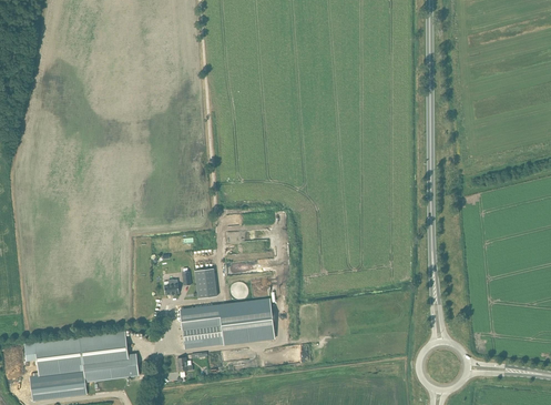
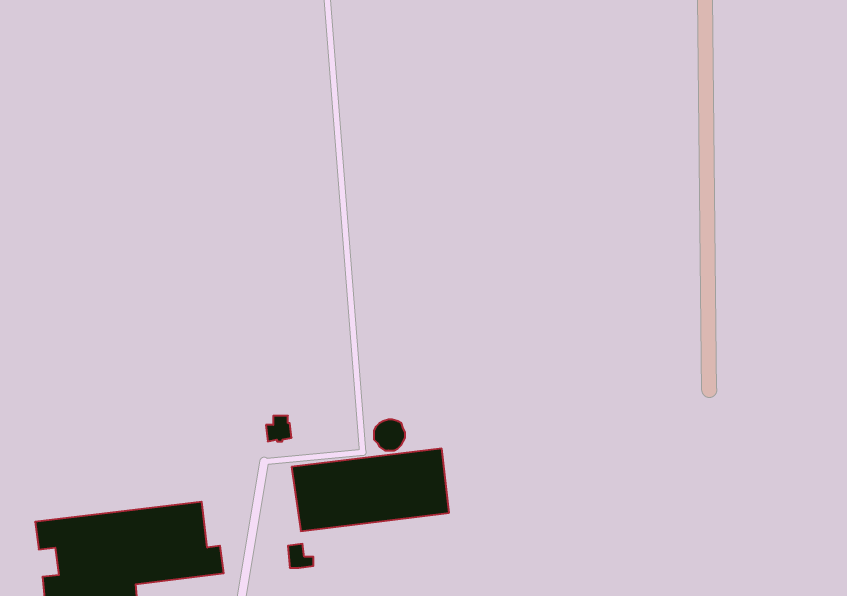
building: [194,267,216,297] -> none

